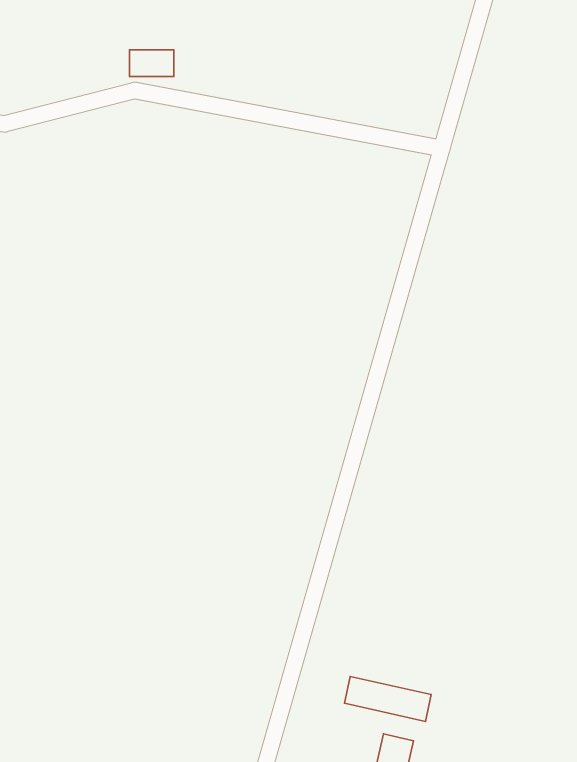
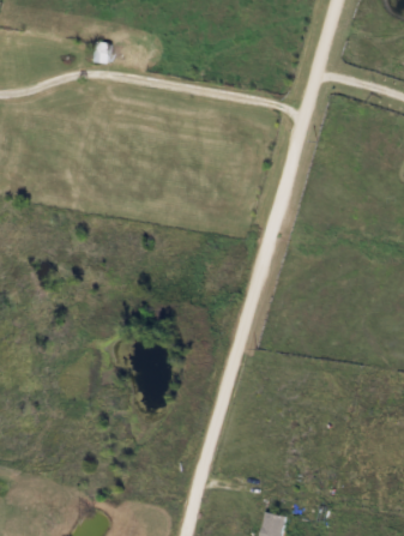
building: [345,676,431,721] -> none

